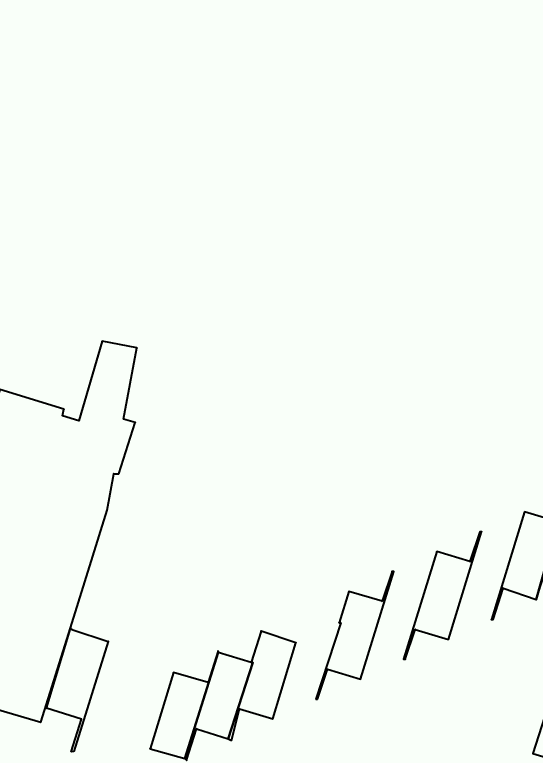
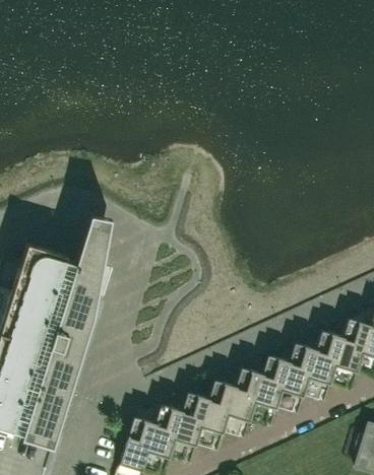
building: none -> [303,318,350,397]
building: none -> [249,343,296,421]
building: none -> [195,380,237,447]
building: [47,629,108,752] -> none

